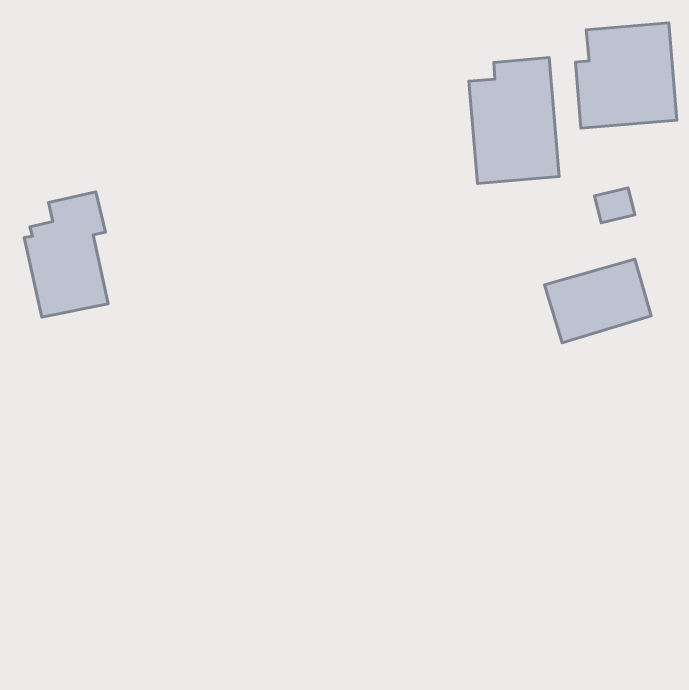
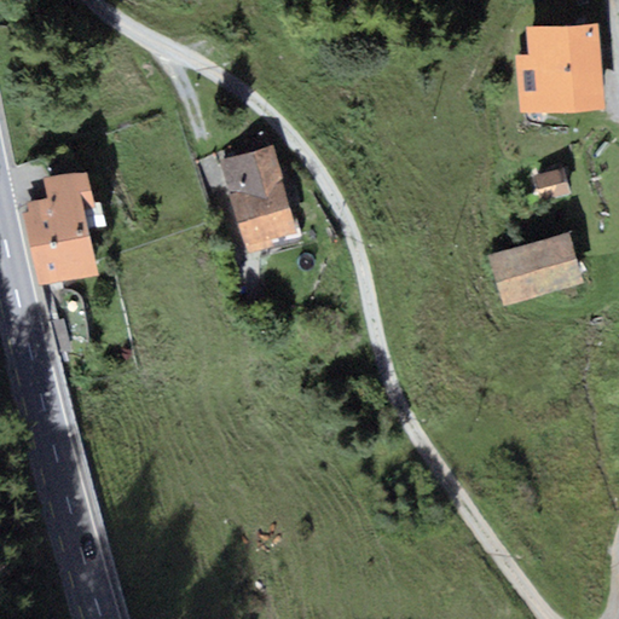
building: [469,58,559,183] -> none
building: none -> [221,145,297,254]

